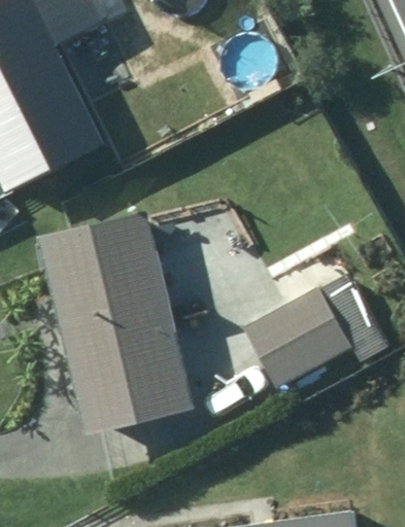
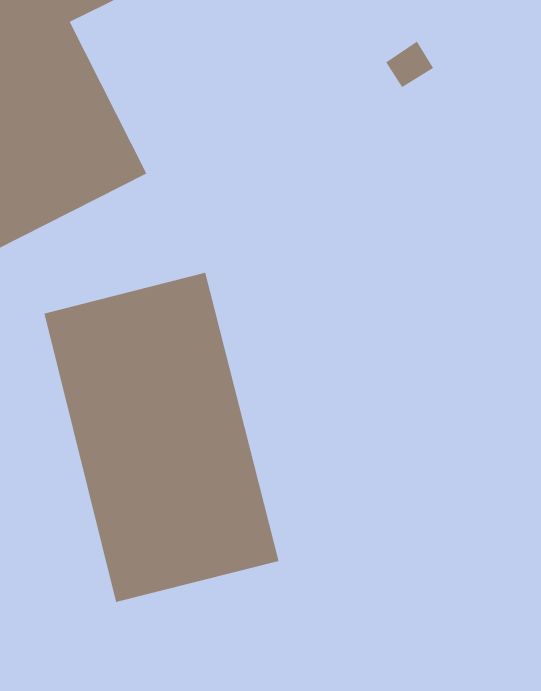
building: [244,289,349,388] -> none

